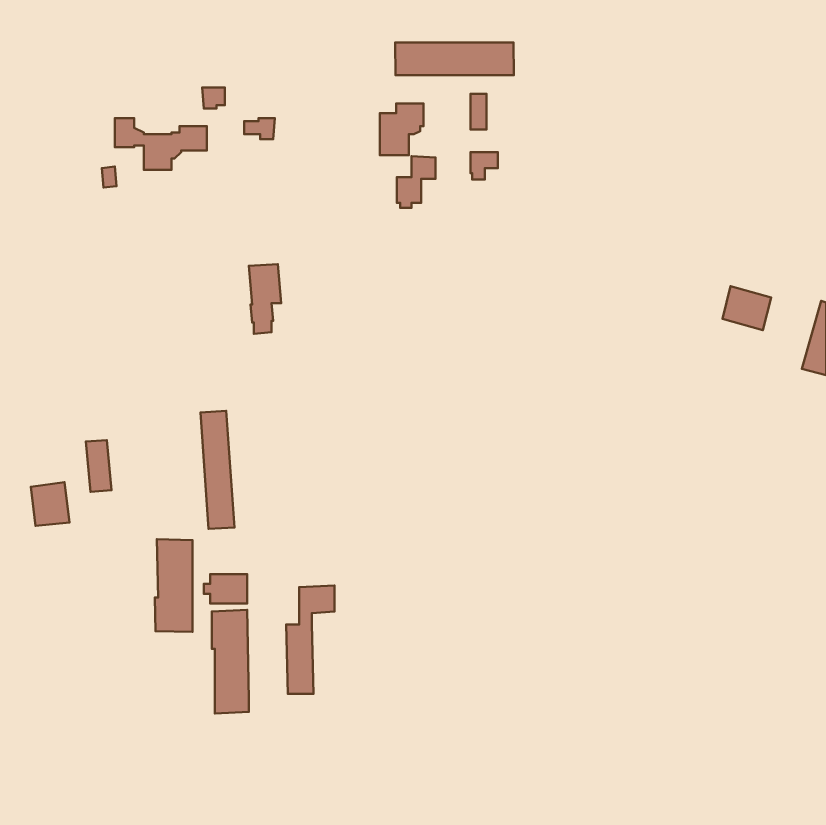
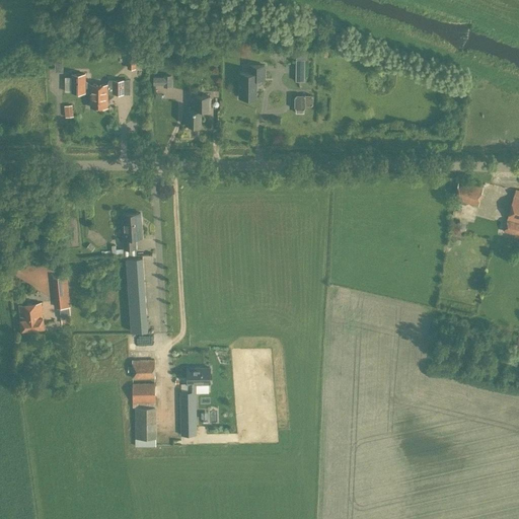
building: [395,42,514,75] -> none
building: [397,156,436,208] -> [186,96,210,129]
building: [249,264,281,334] -> [122,214,142,257]
building: [155,539,193,632] -> none

